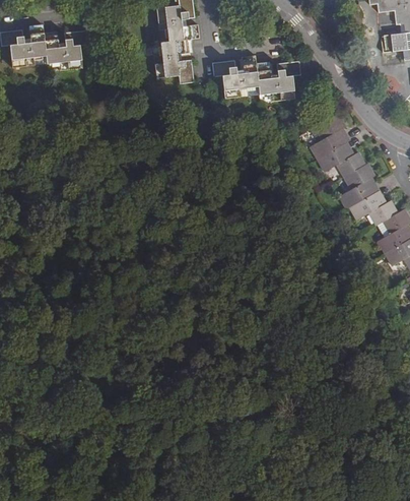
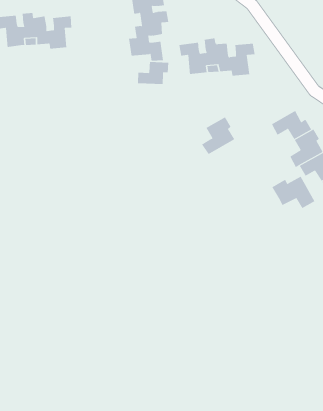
building: none -> [138,61,169,85]
building: [310,113,349,158] -> [201,117,235,155]
building: none -> [271,176,315,209]

